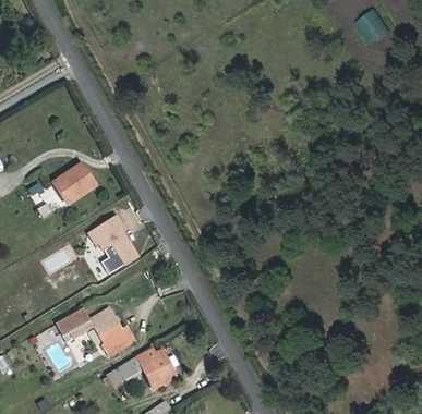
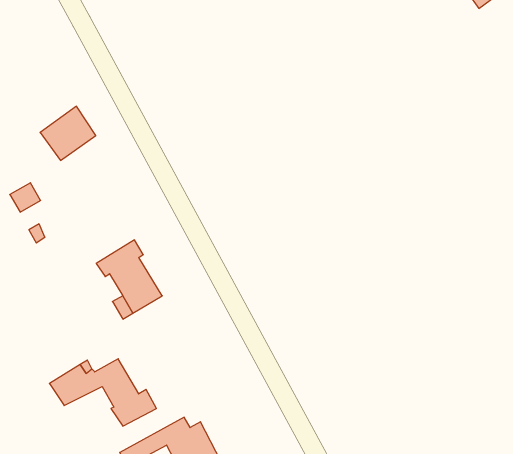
building: [53,162,95,203] -> [40,106,96,160]

